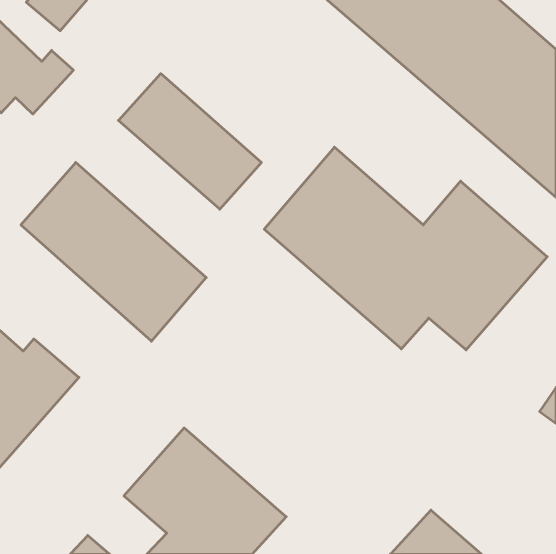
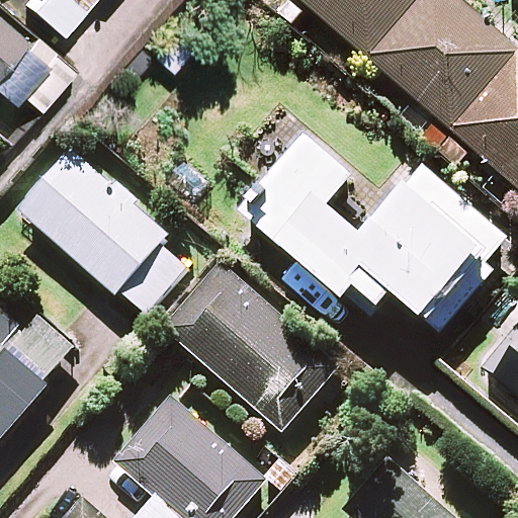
building: [118,74,261,209] -> none
building: none -> [164,263,340,432]

